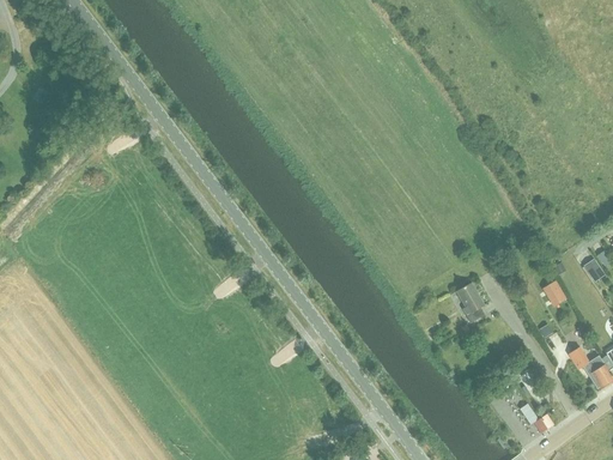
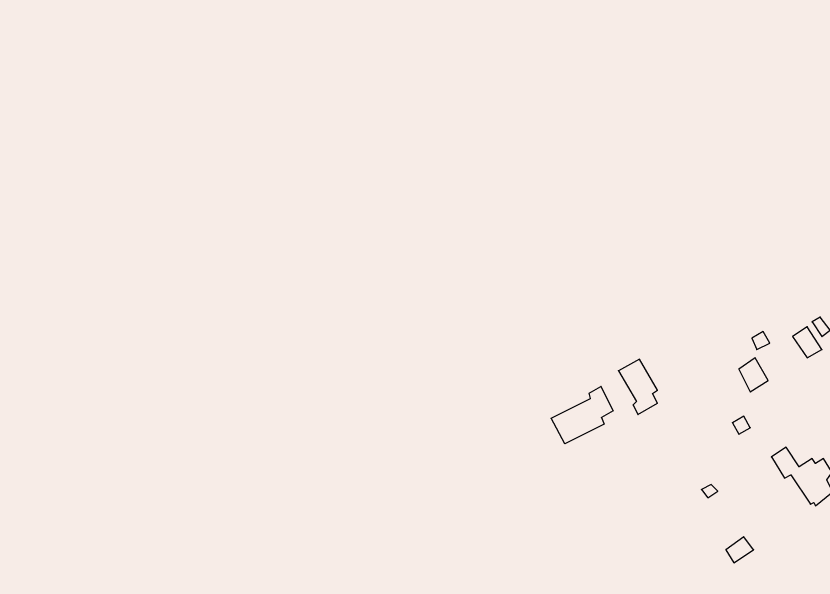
building: none -> [551,386,613,444]

